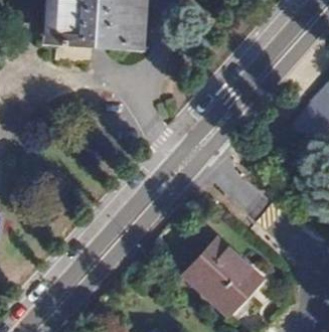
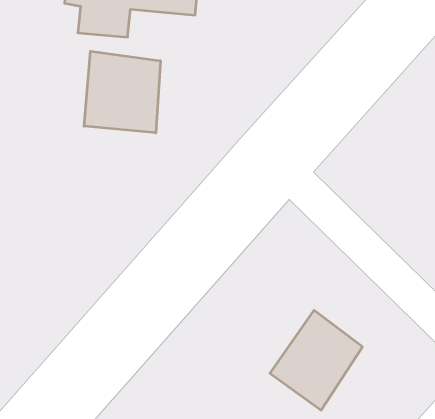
building: none -> [84,51,160,133]

